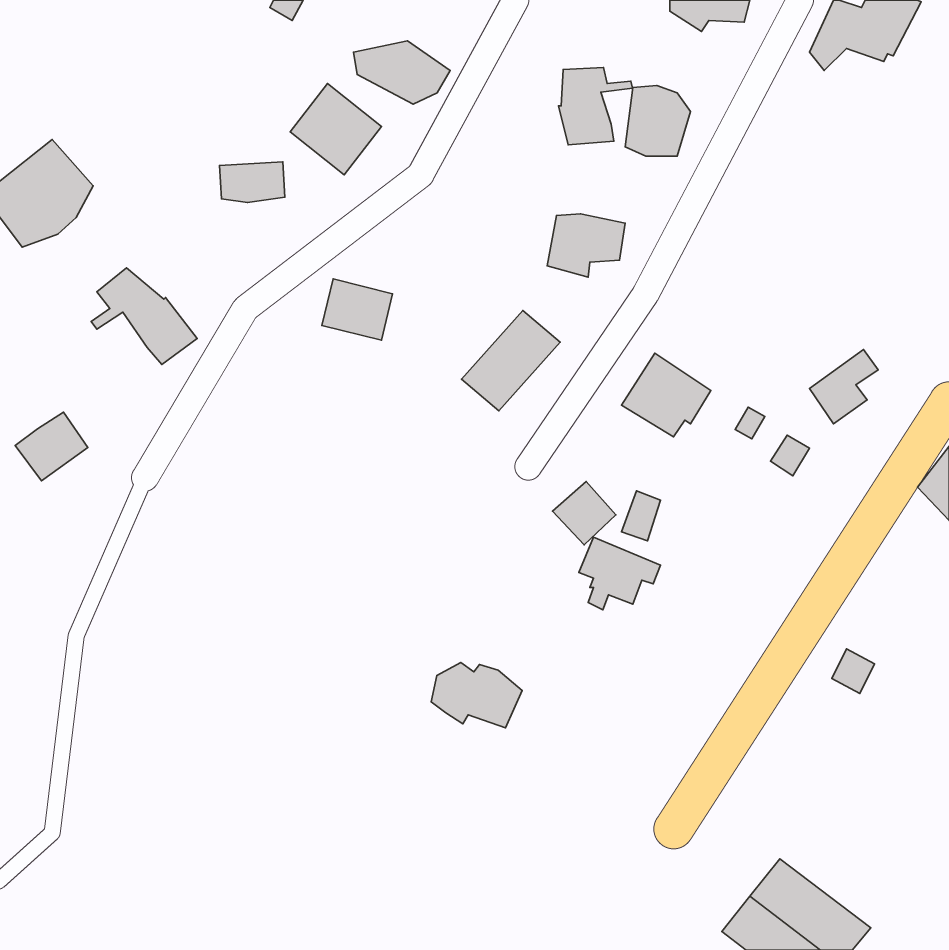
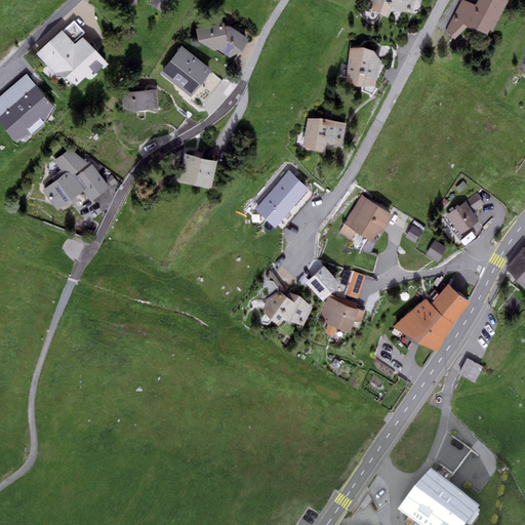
building: none -> [36,21,108,85]
building: [559,68,633,145] -> none
building: [15,412,88,481] -> [41,172,81,210]
building: none -> [392,283,470,352]
building: [431,663,522,728] -> [261,291,312,327]

